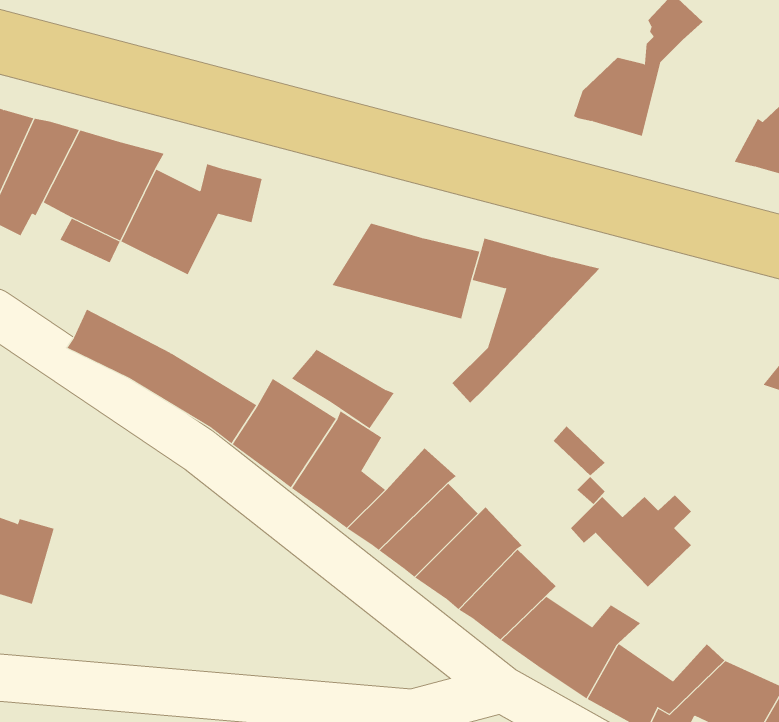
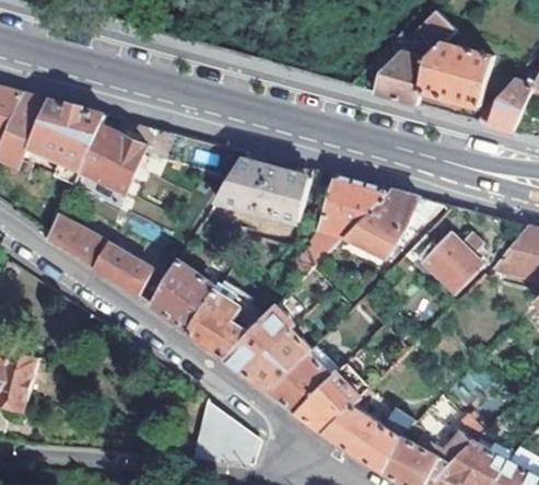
building: none -> [420,43,492,108]
building: none -> [345,190,420,257]
building: [291,349,394,429] -> none
building: [570,494,692,587] -> [405,234,483,295]
building: none -> [192,405,259,467]

